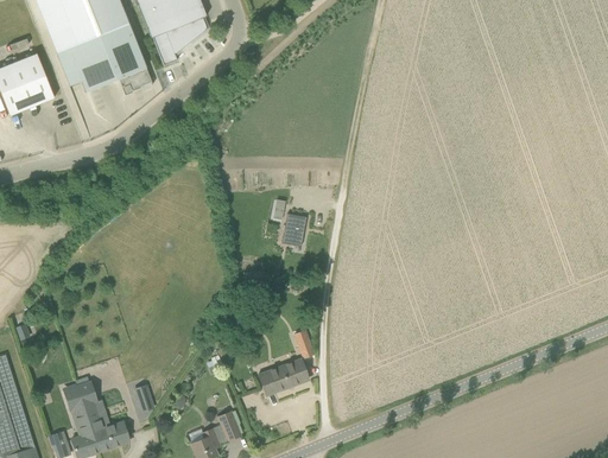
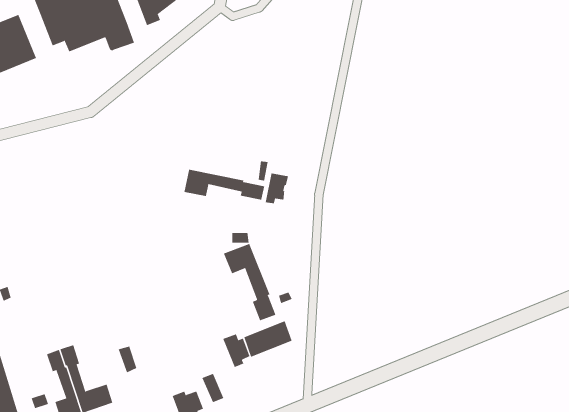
building: none -> [184,169,265,200]
building: none -> [223,243,276,321]
building: none -> [223,333,250,368]

